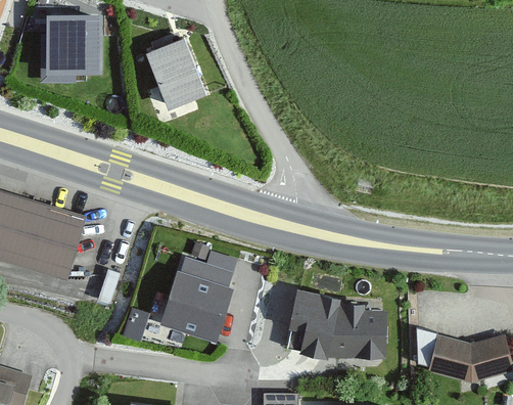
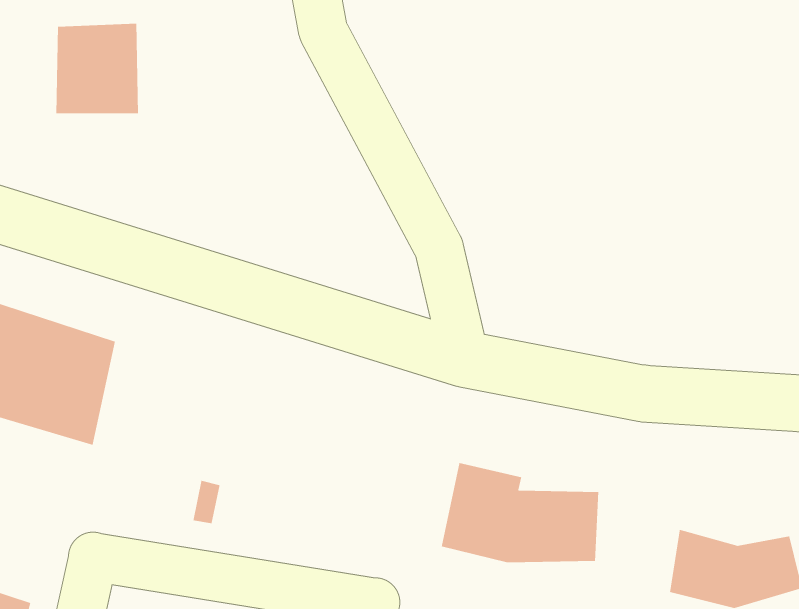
building: [142,41,202,109] -> none
building: [162,255,232,340] -> none

